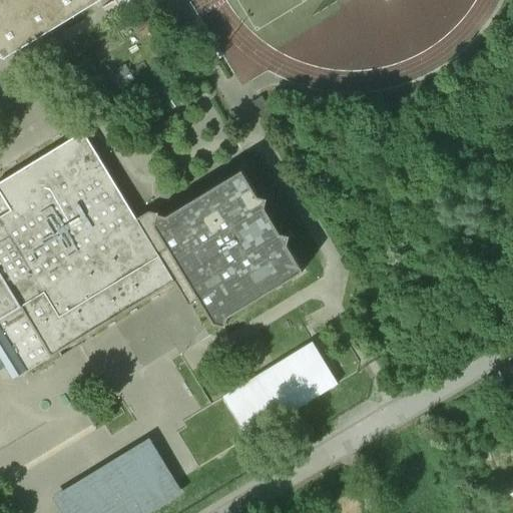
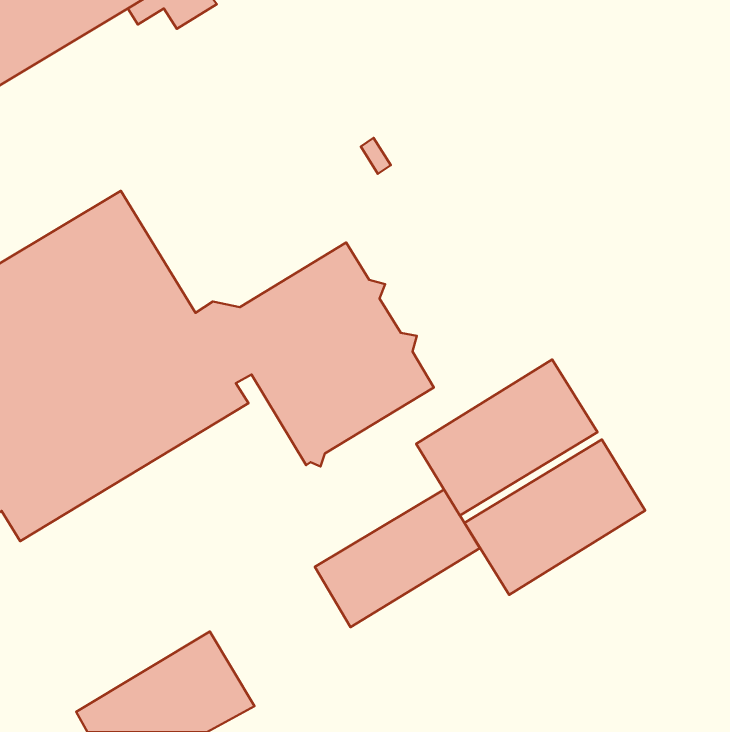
building: none -> [416,359,597,516]
building: none -> [464,439,645,595]

